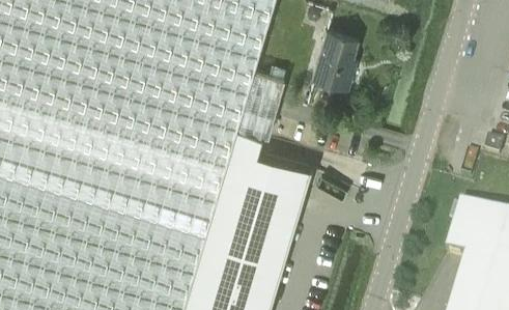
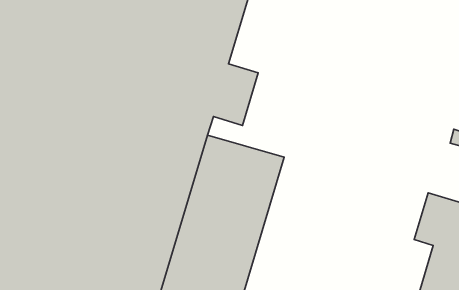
building: [312,29,358,86] -> none

